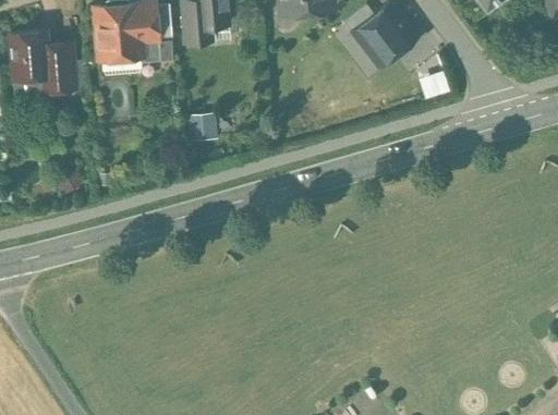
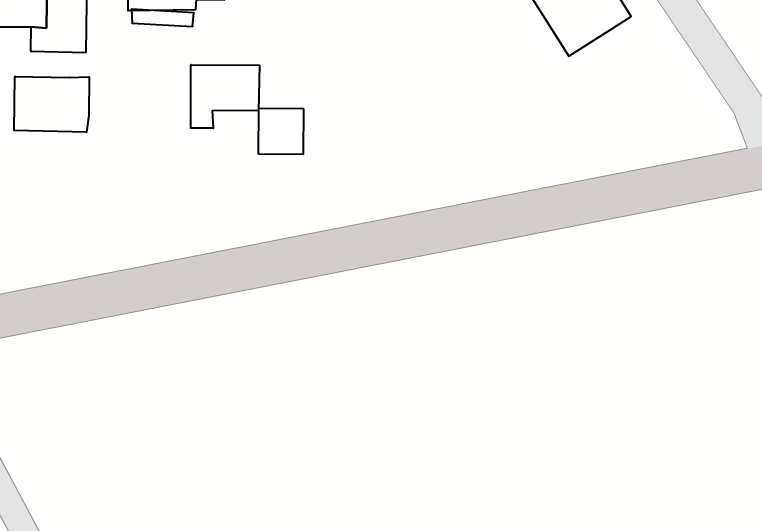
building: none -> [191,65,260,128]
building: none -> [14,76,89,132]

